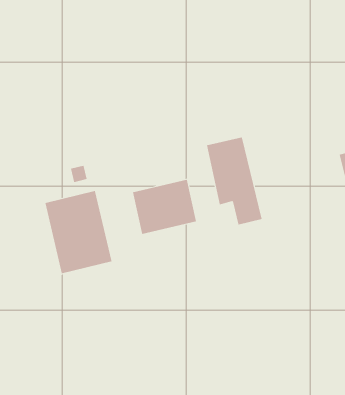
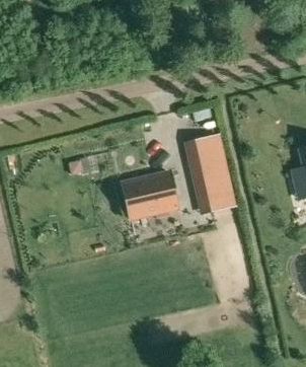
building: [45,190,112,274] -> none

